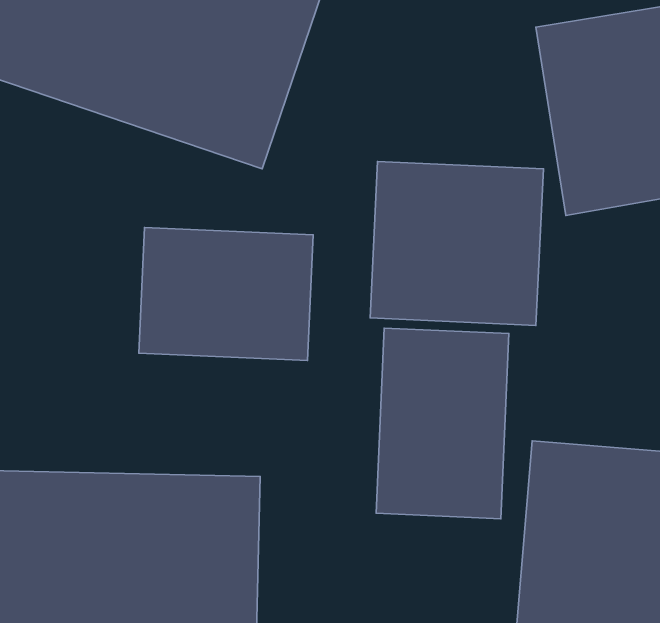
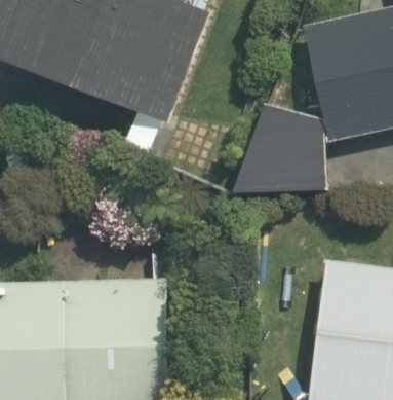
building: [139,227,313,361] -> none
building: [376,328,509,519] -> none

